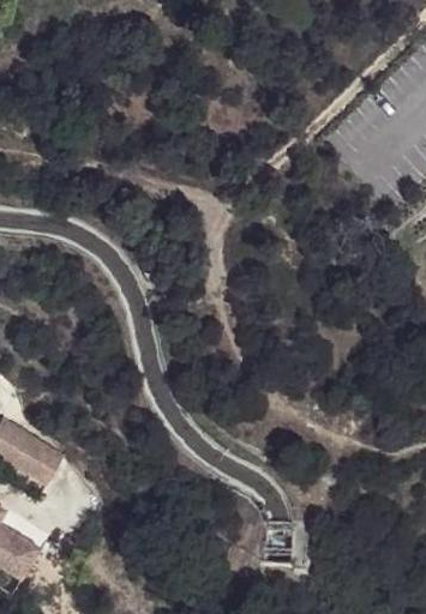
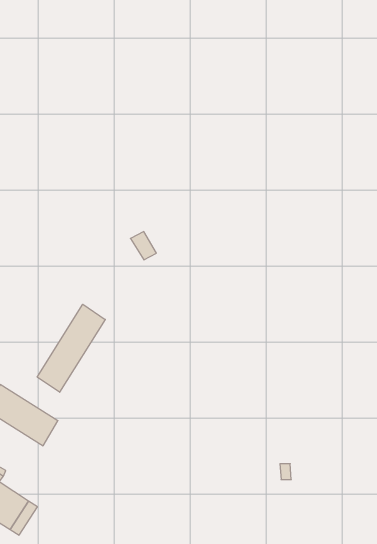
building: none -> [37,304,105,392]

